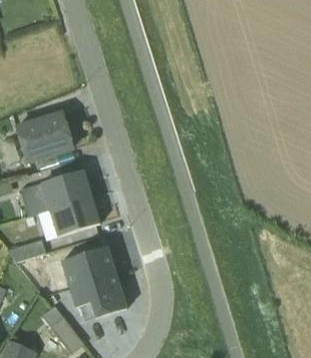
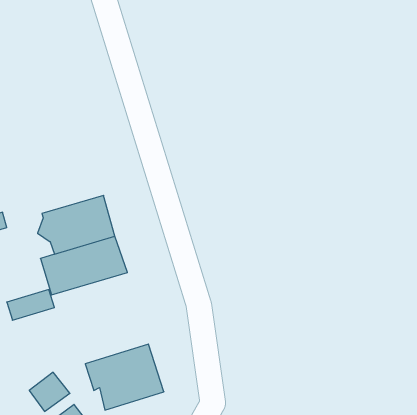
building: [16,113,72,162] -> none
building: [61,247,114,289] -> none

